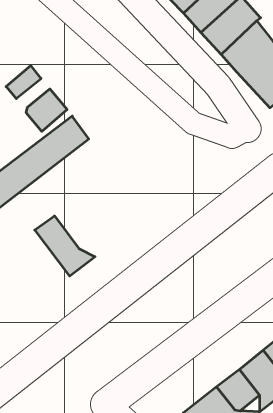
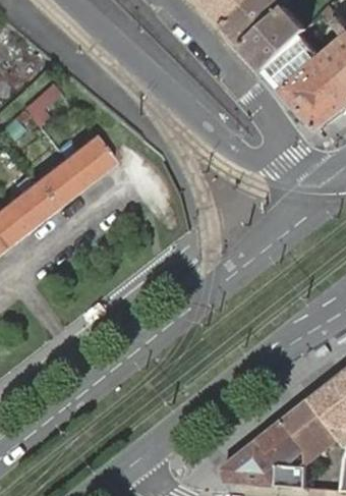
building: [26,89,67,131] -> none
building: [35,216,95,276] -> none

